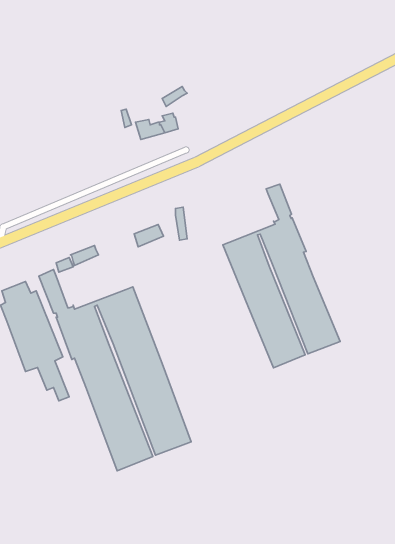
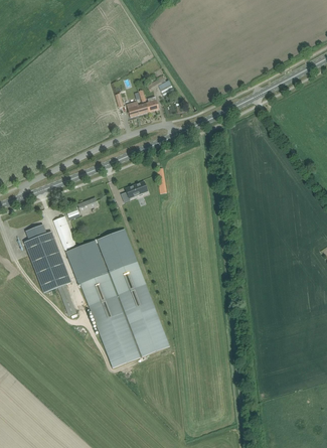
building: [223,184,340,368] -> none

